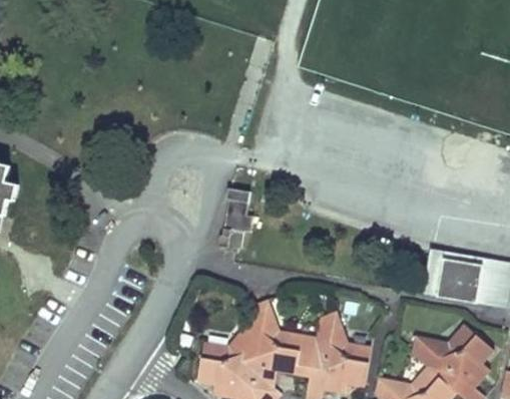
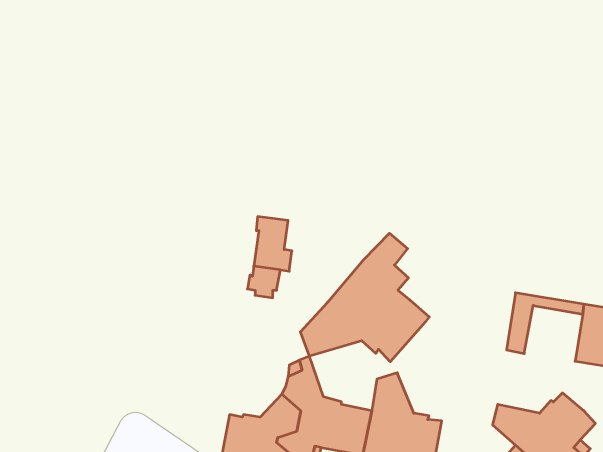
building: none -> [300,233,429,362]
building: [437,258,483,302] -> none

